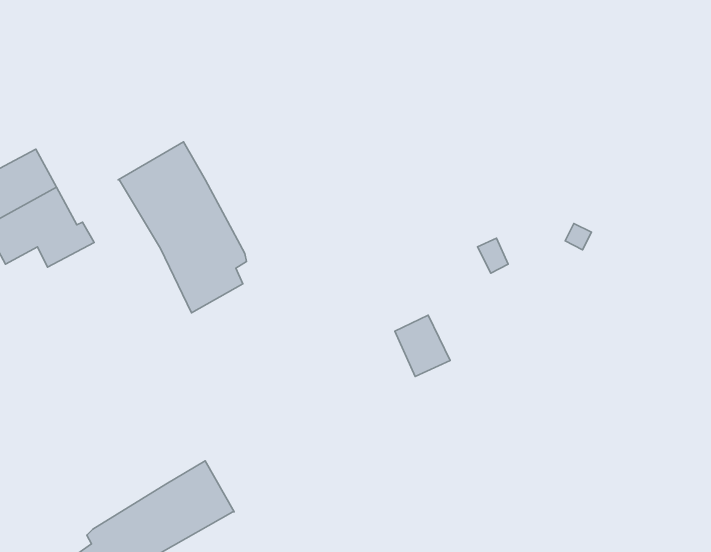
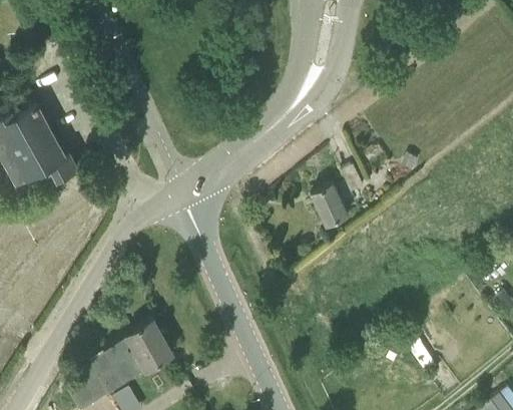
building: [118,142,246,313] -> none
building: [395,315,450,376] -> [311,186,349,229]

